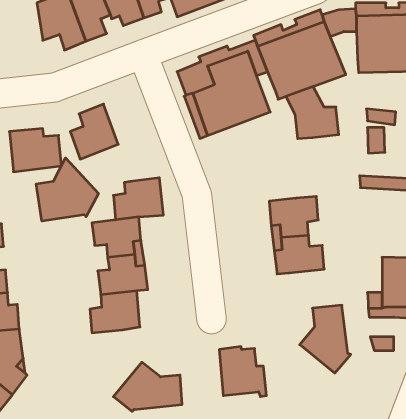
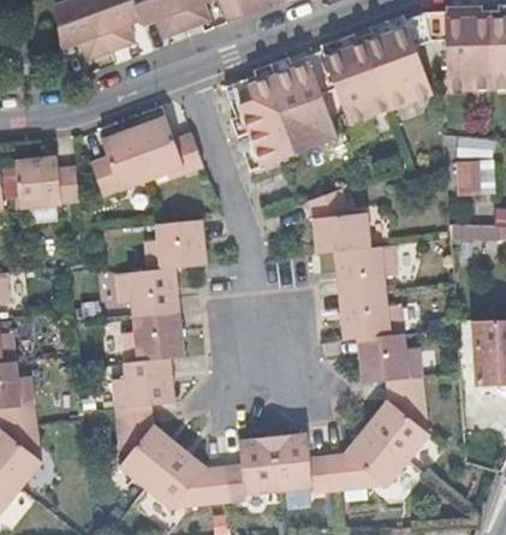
building: [286,87,339,139] -> [304,188,369,251]
building: none -> [133,118,206,180]
building: [36,158,98,221] -> none
building: none -> [361,333,425,384]
building: none -> [119,408,180,489]
building: none -> [329,426,417,488]
building: none -> [227,432,280,499]

